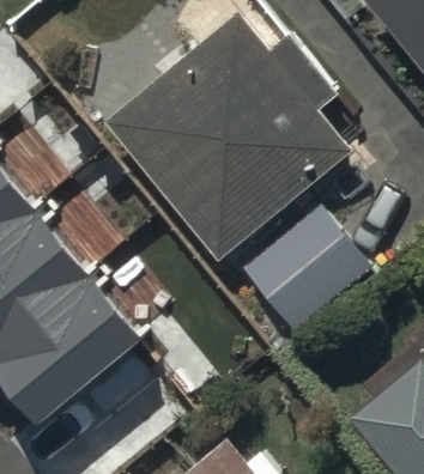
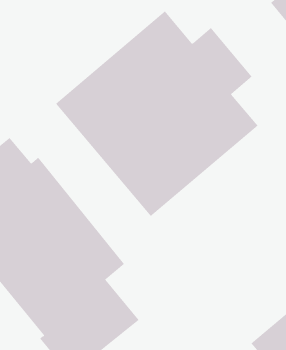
building: [242,202,372,329] -> none

